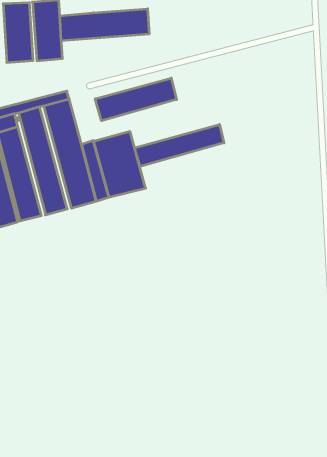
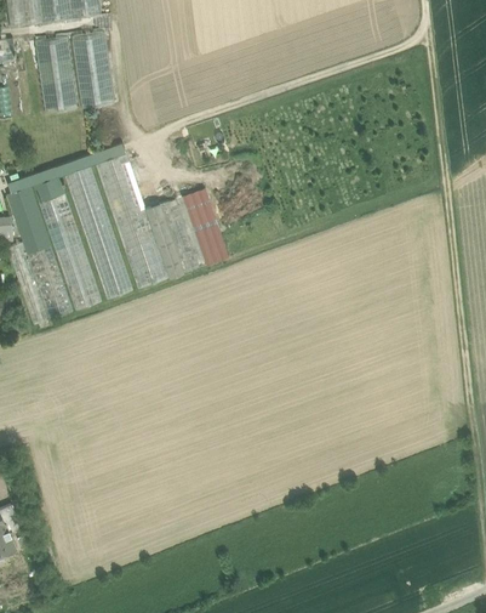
building: [60,9,149,41] -> none
building: [95,78,177,121] -> none
building: [135,124,224,166] -> none

